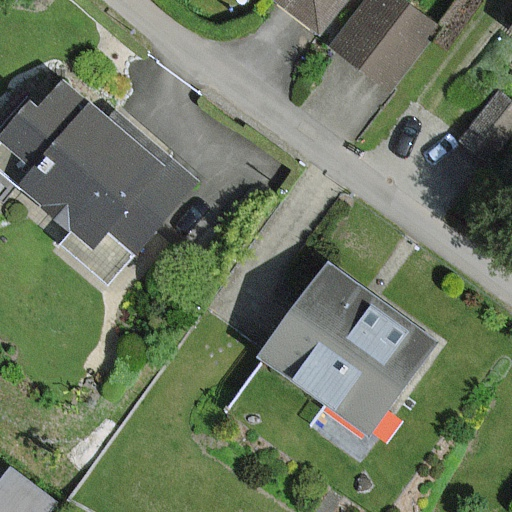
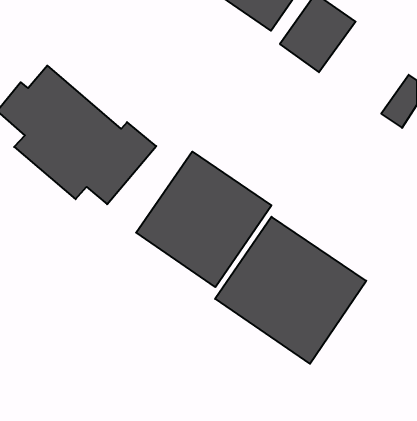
building: none -> [136,152,271,287]

